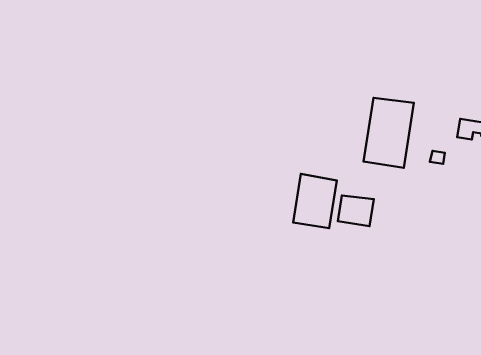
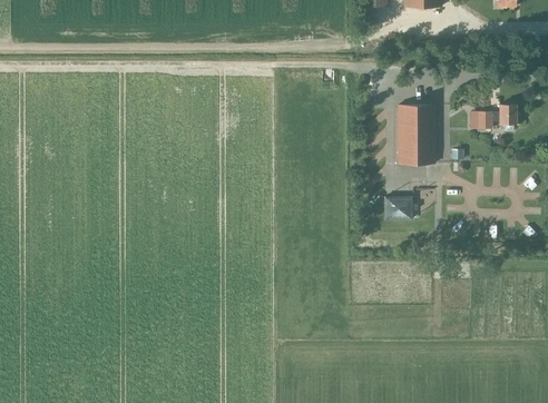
building: [293,174,337,228] -> none

